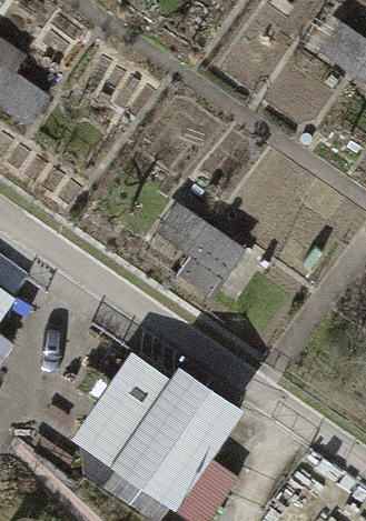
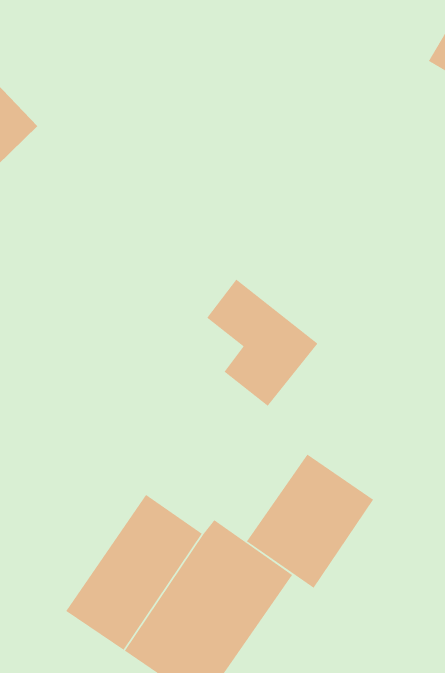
building: none -> [246,453,374,589]

